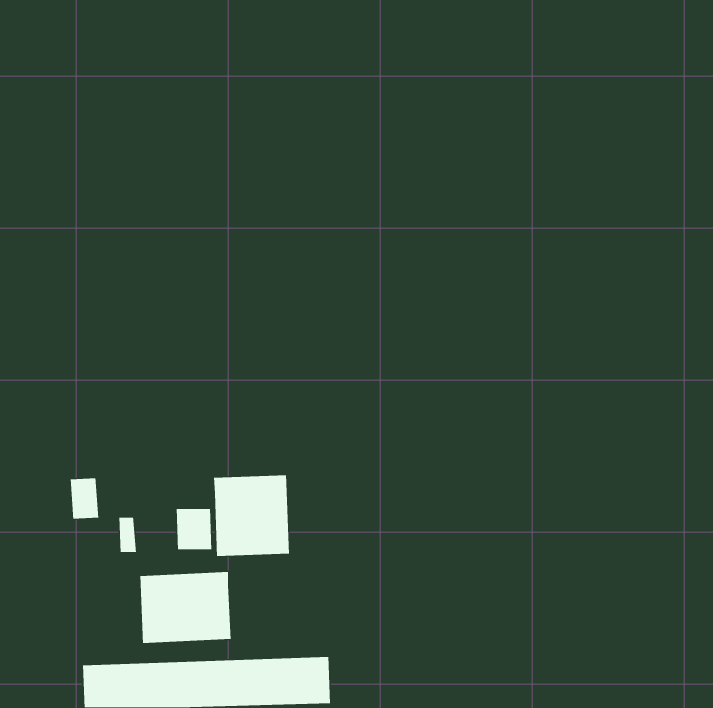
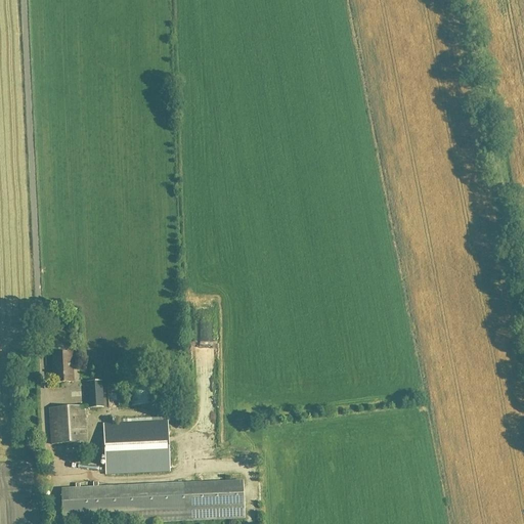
building: [213,475,290,557] -> none
building: none -> [48,403,86,442]

